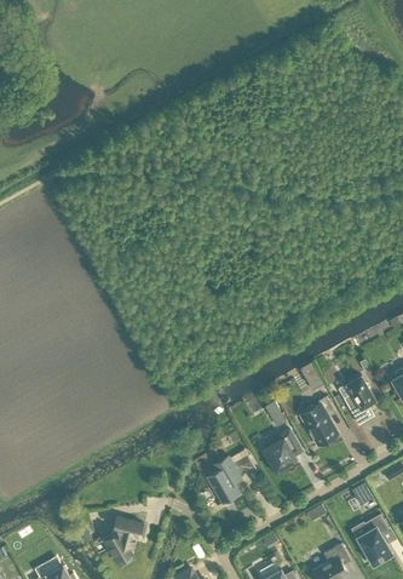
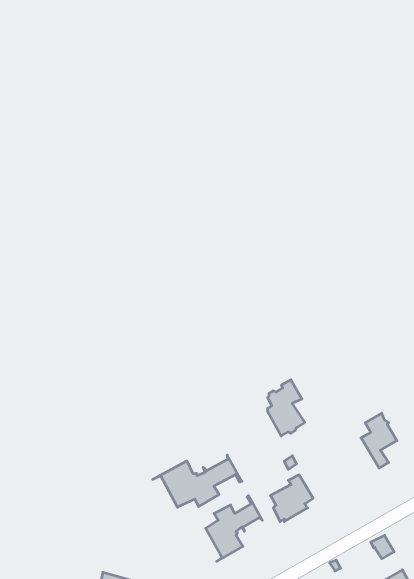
building: [305,396,338,446] -> [268,380,305,436]
building: none -> [153,455,242,507]

